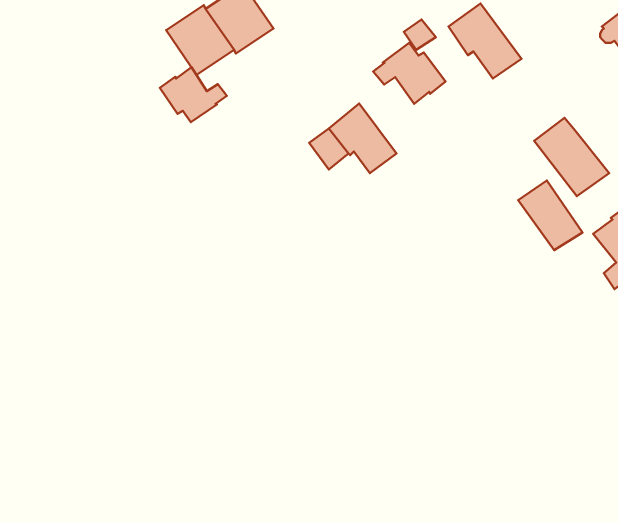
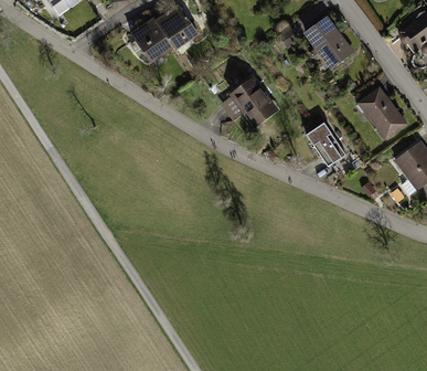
building: [373,43,445,104] -> none
building: [160,67,227,122] -> none
building: [518,181,583,250] -> [307,123,346,166]

